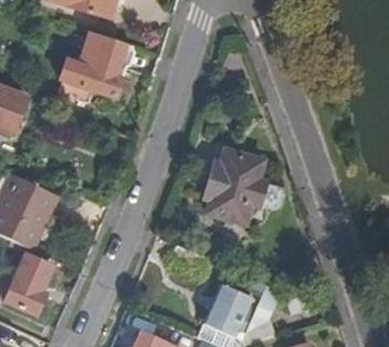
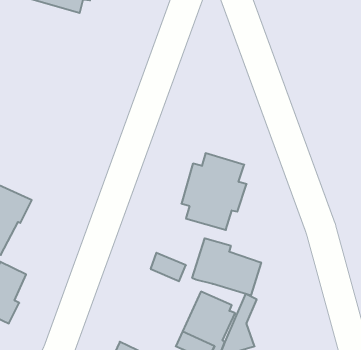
building: [74,30,132,97] -> none
building: none -> [192,238,261,295]

